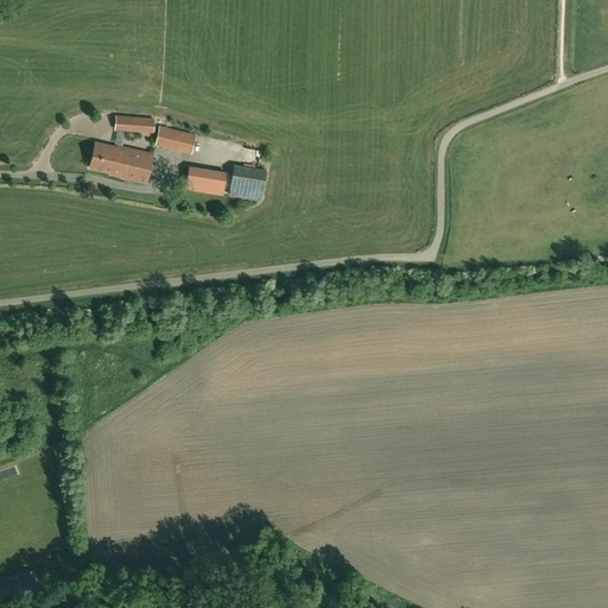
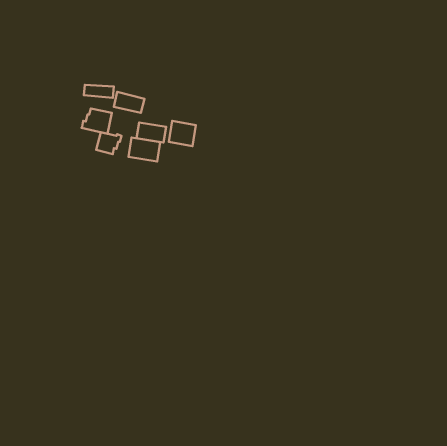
building: [89,142,124,172] -> [96,132,122,154]
building: none -> [129,137,160,161]

